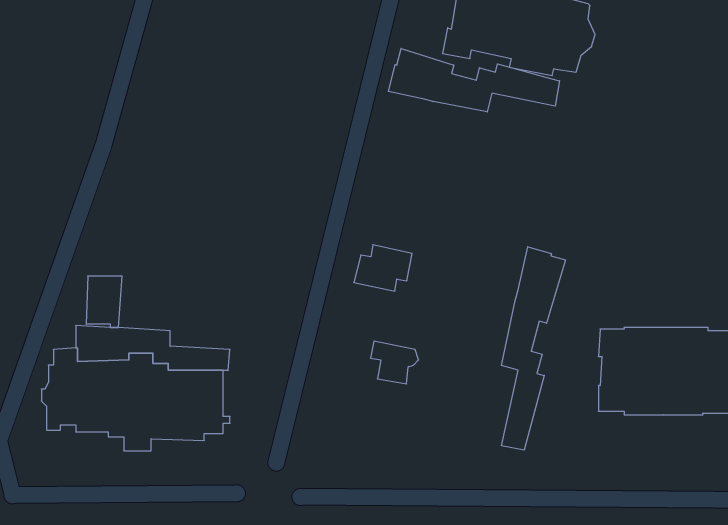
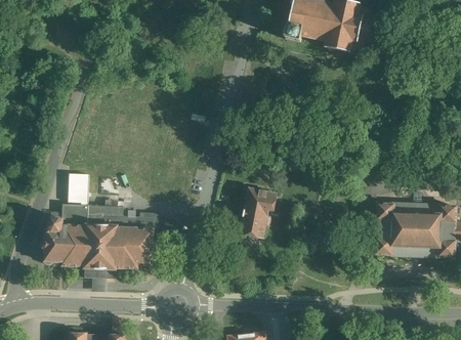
building: [388,48,560,112] -> none
building: [354,245,412,291] -> [241,188,276,216]
building: [502,247,565,450] -> none

